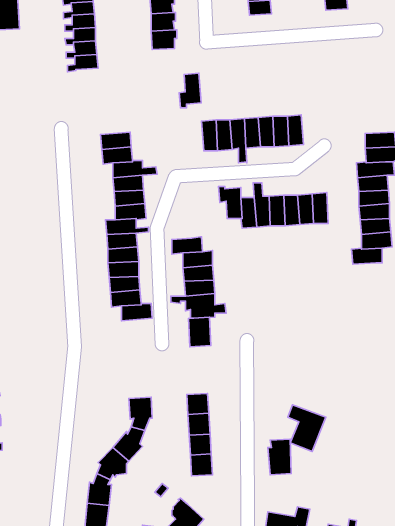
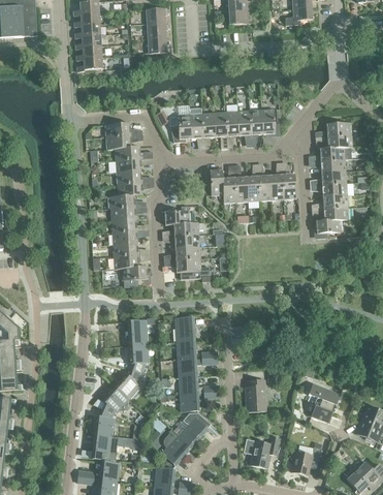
building: [179,73,201,108] -> [172,113,191,142]
building: [189,317,211,347] -> [175,317,194,342]
building: none -> [127,320,147,345]
building: [288,405,326,452] -> [308,383,340,423]
building: none -> [173,411,211,446]

